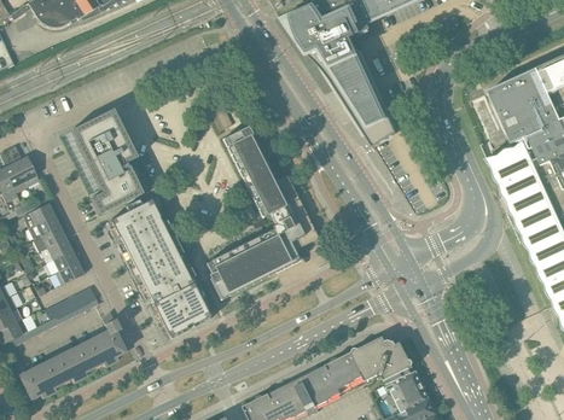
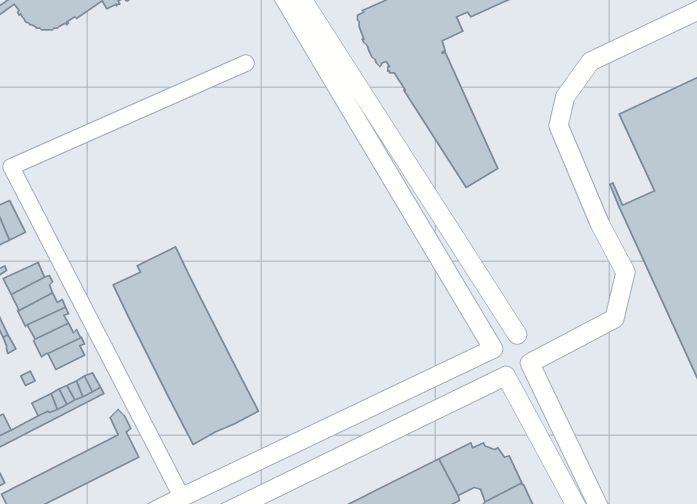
building: [70,107,143,214] -> none
building: [205,127,318,299] -> none

